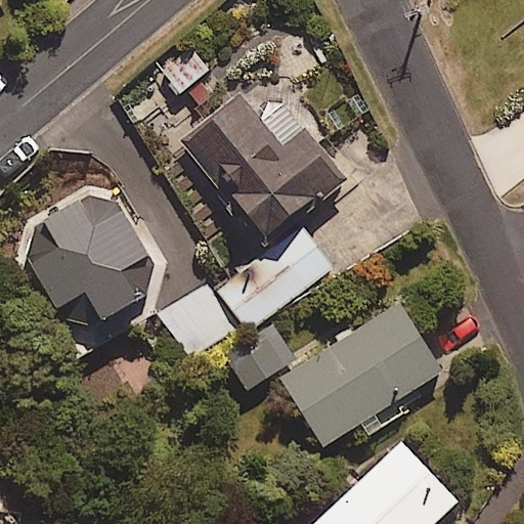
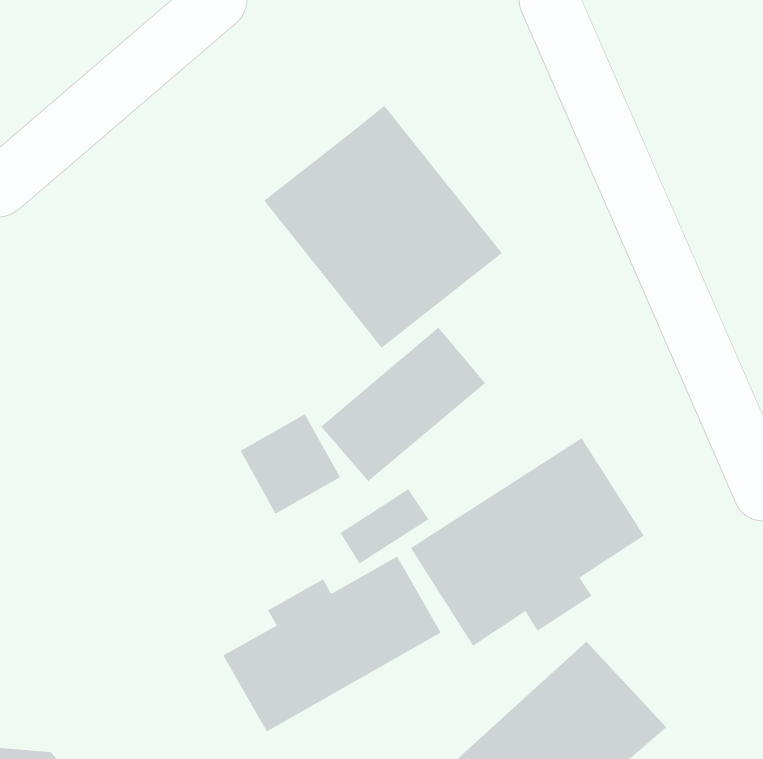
building: [23,194,155,329] -> none
building: none -> [222,556,442,732]

